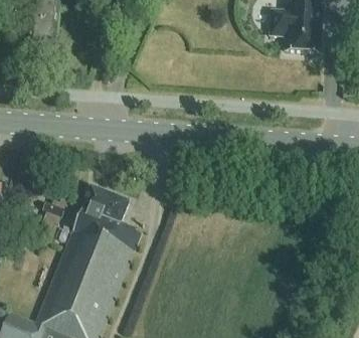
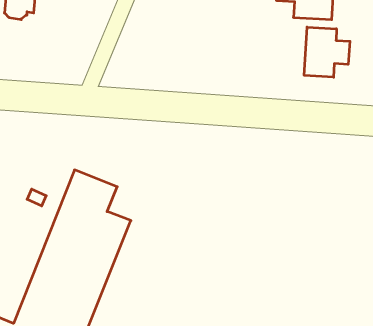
building: none -> [304,27,350,77]

